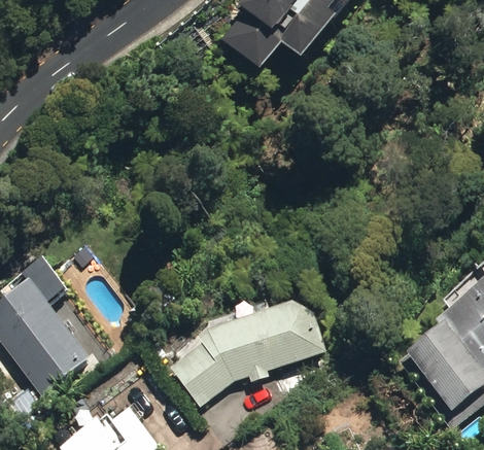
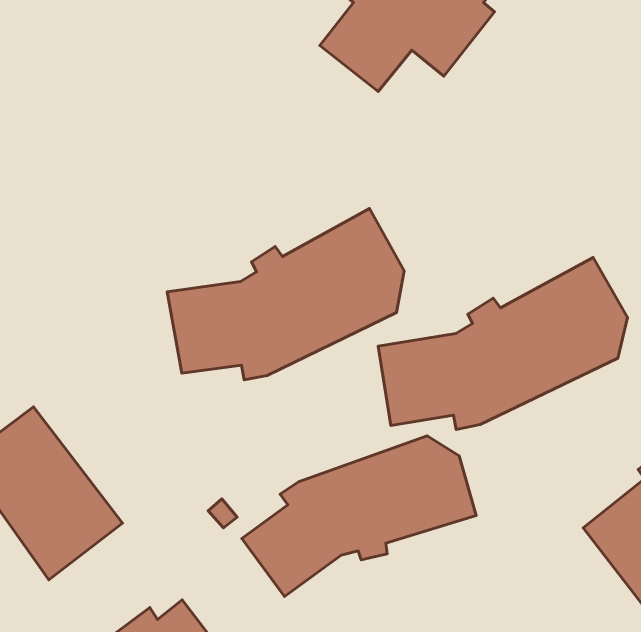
building: none -> [167,209,404,380]
building: none -> [378,258,627,430]

